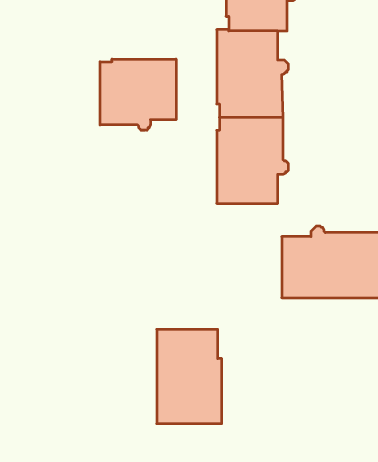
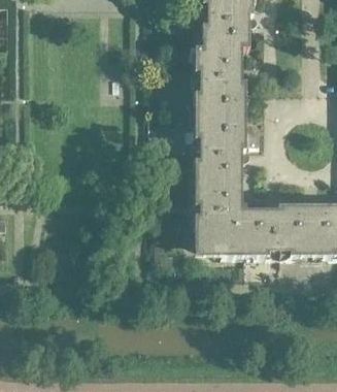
building: [100,59,176,130] -> none
building: [157,329,222,424] -> [195,181,245,254]

